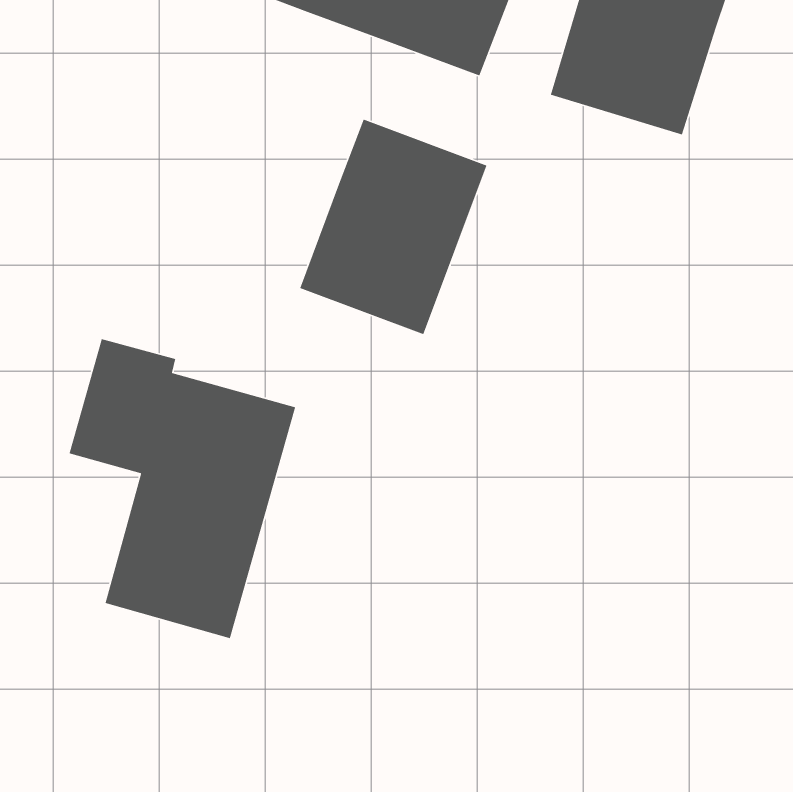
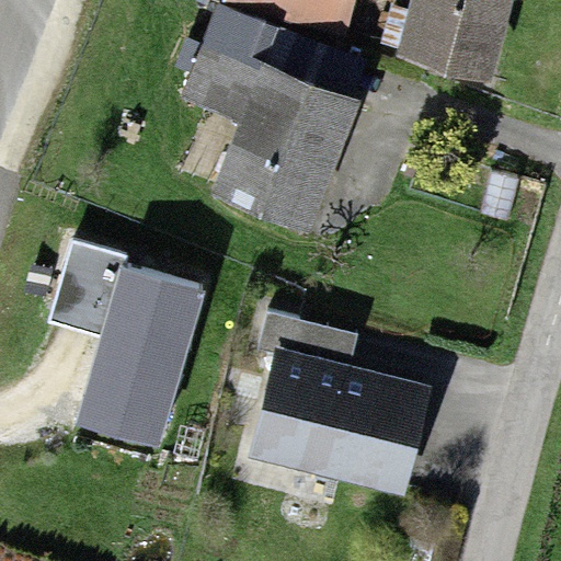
building: none -> [181,9,277,129]
building: none -> [249,307,431,491]

